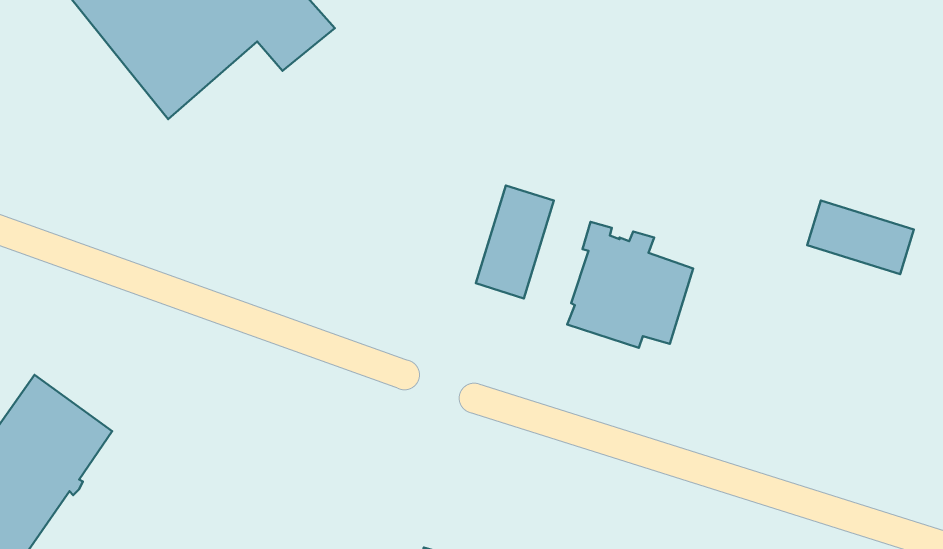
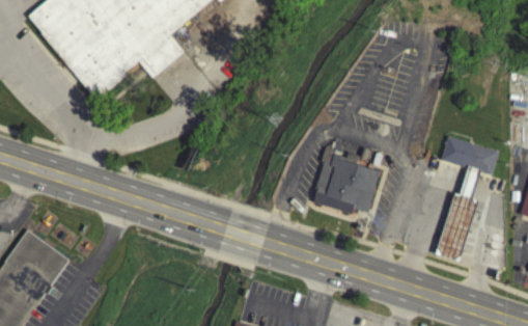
building: [476,186,554,298] -> none
building: none -> [437,168,480,263]

